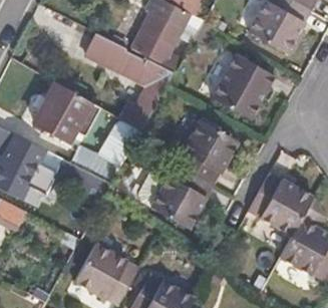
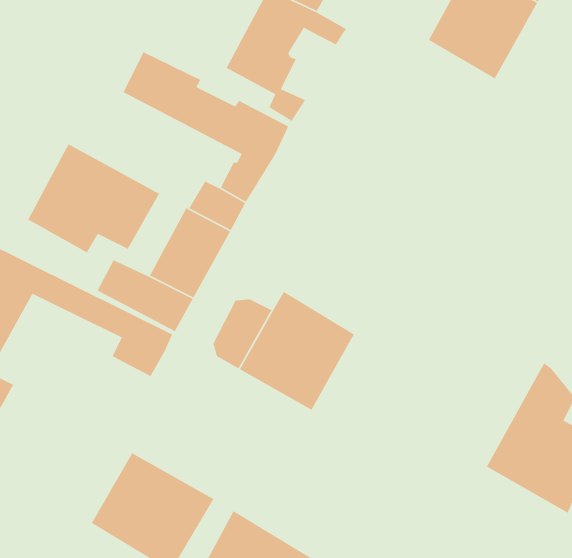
building: [208,51,272,118] -> none
building: [172,117,234,184] -> none
building: [246,171,312,235] -> none

